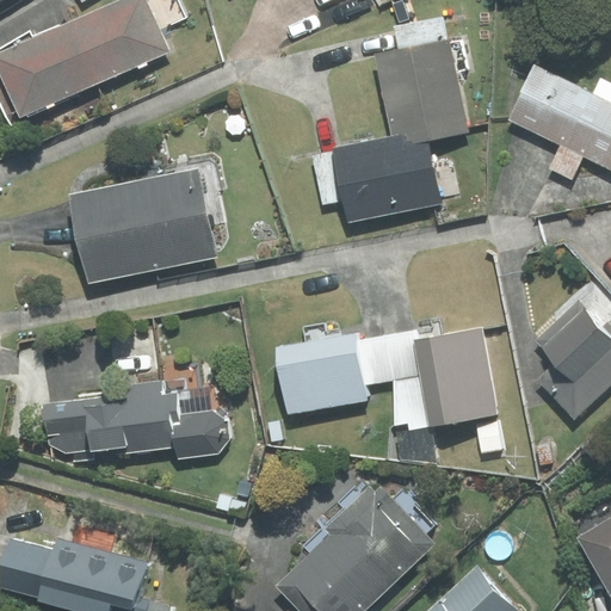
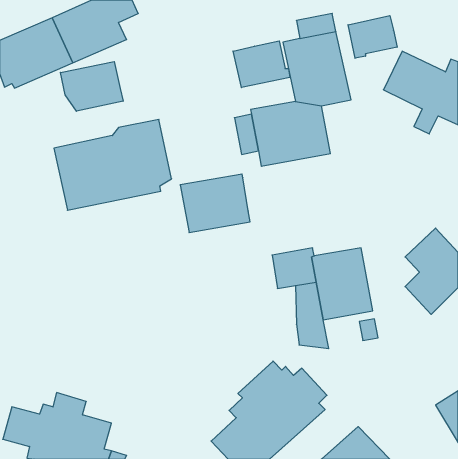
building: none -> [348,16,397,58]
building: none -> [233,41,290,88]
building: none -> [60,62,123,111]
building: [278,334,371,412] -> [180,174,250,233]
building: [45,358,228,461] -> none

